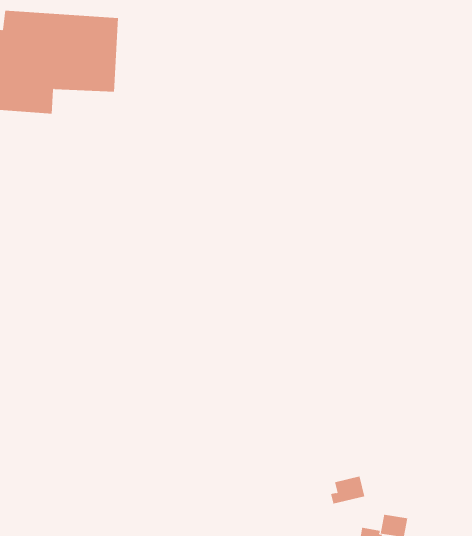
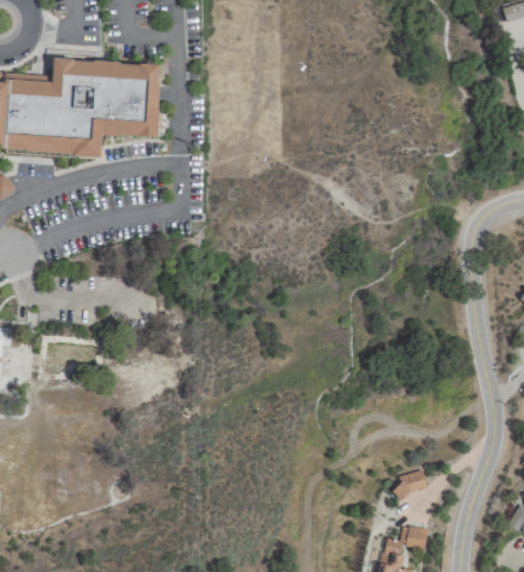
building: [330,476,365,504] -> [394,471,426,497]

